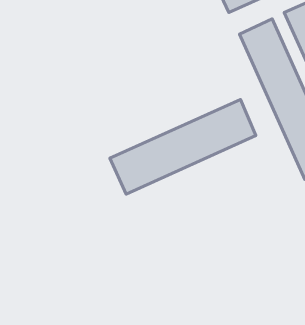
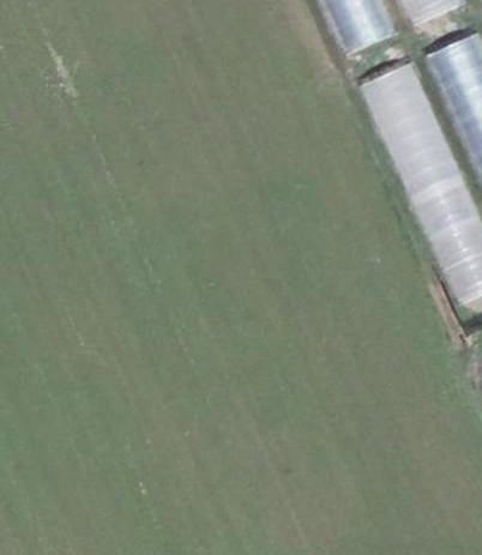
building: [110,100,256,194] -> none

